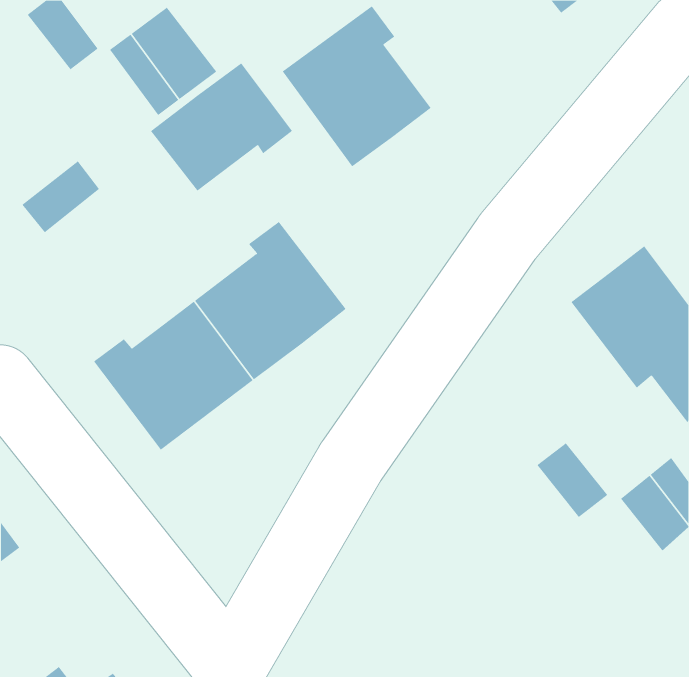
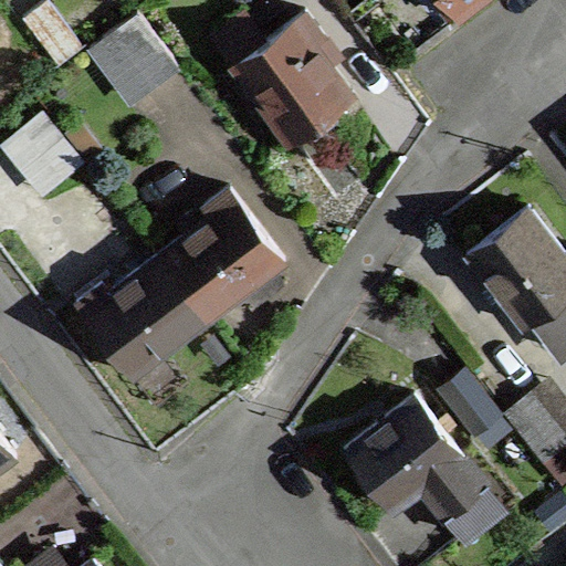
building: [150,62,293,192] -> none
building: none -> [344,396,514,541]

